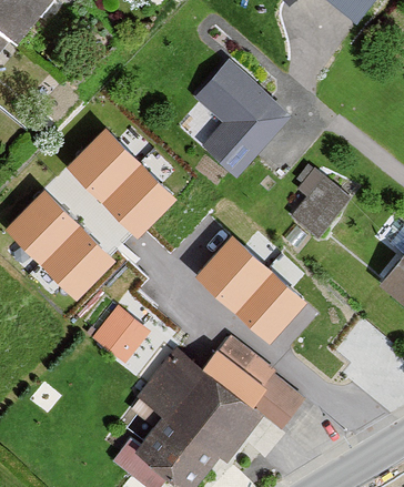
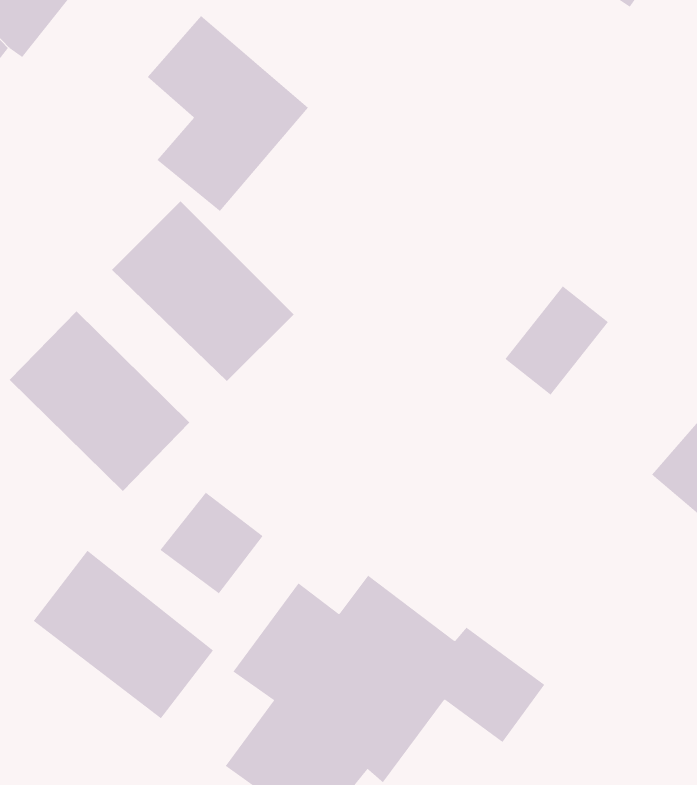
building: [193,63,286,176] -> [147,15,309,212]
building: [193,237,300,341] -> none
building: none -> [33,550,214,719]

